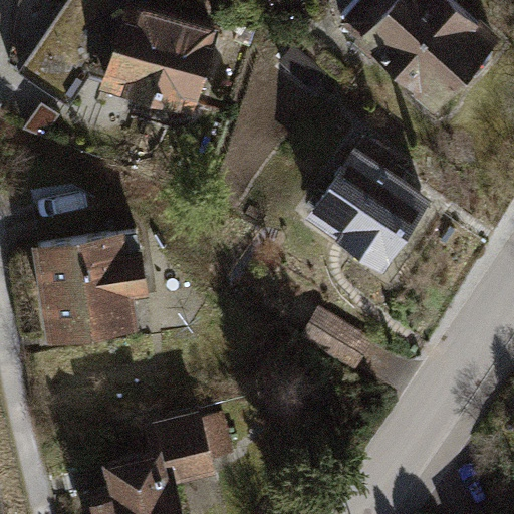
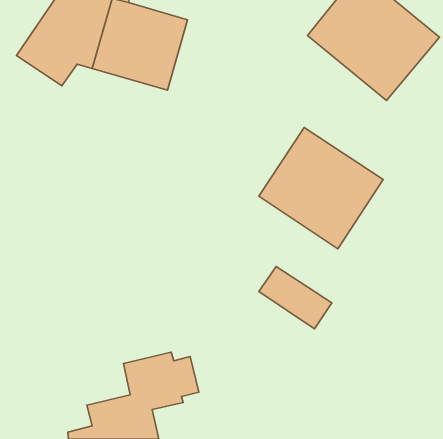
building: [33,233,149,344] -> none

